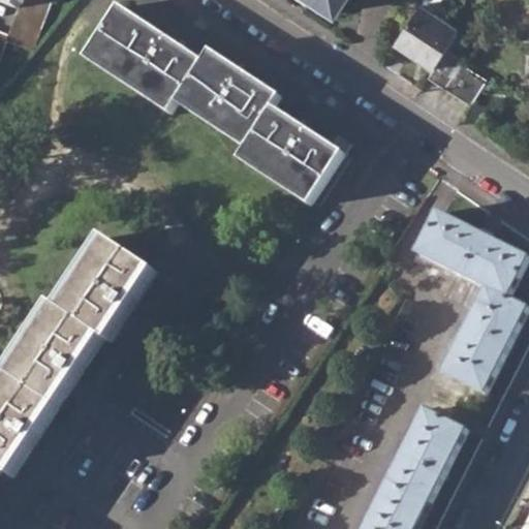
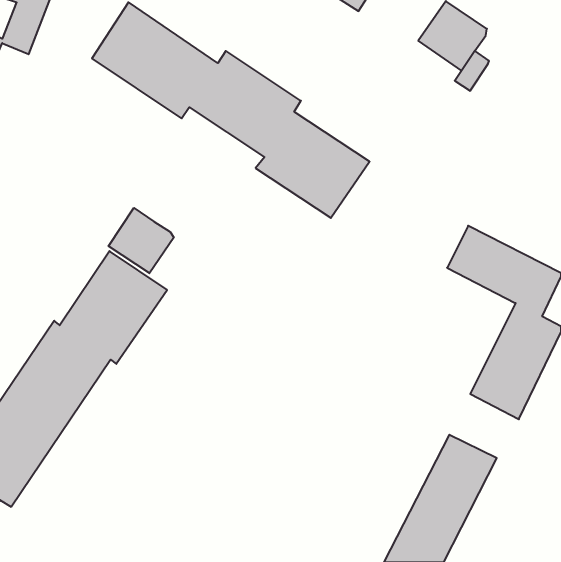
building: [439,60,481,102] -> none
building: none -> [109,208,174,273]

